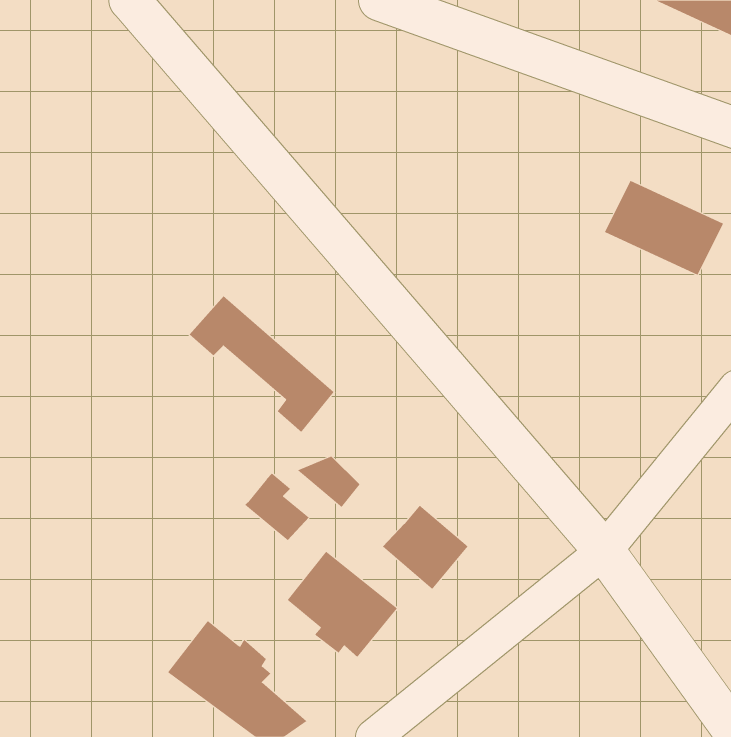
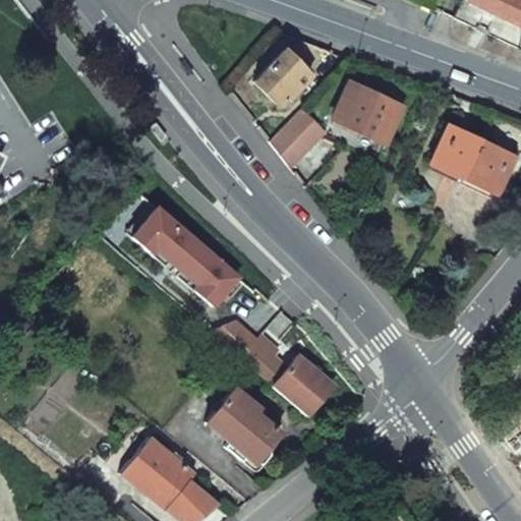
building: none -> [257,49,315,105]
building: none -> [335,86,402,143]
building: none -> [271,110,325,167]
building: [245,473,309,541] -> [243,338,289,386]

